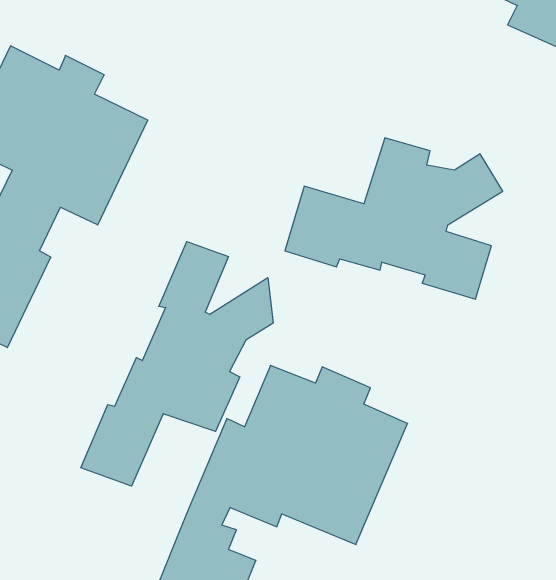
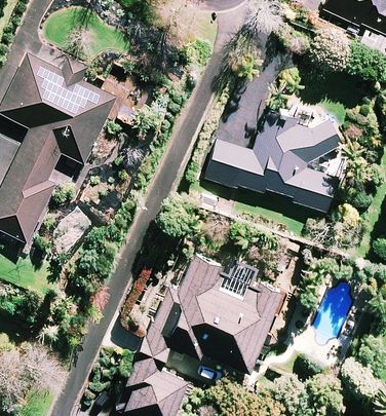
building: [81,242,273,486] -> none

